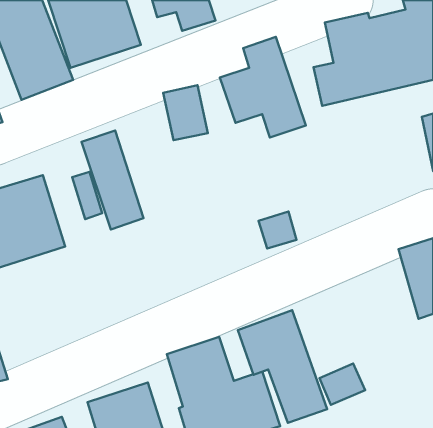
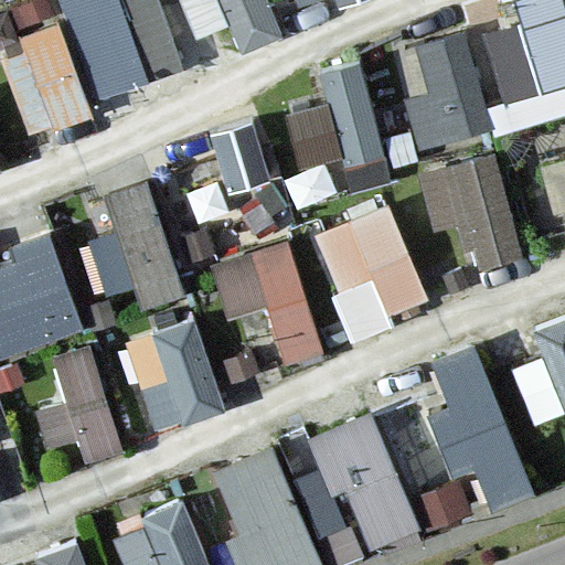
building: none -> [414,152,523,270]
building: none -> [310,206,425,318]
building: none -> [209,239,327,369]
building: none -> [120,319,223,434]
building: none -> [427,344,536,512]
building: none -> [51,347,129,461]

